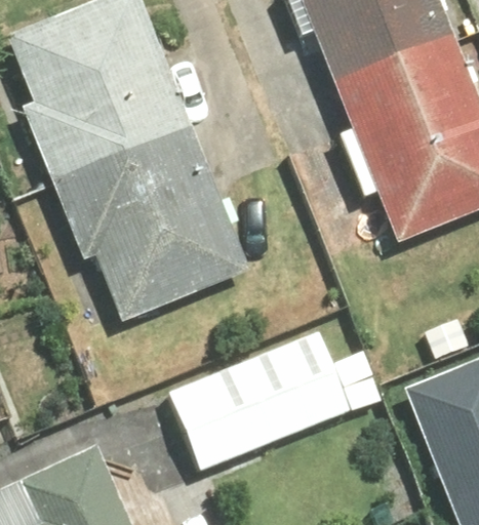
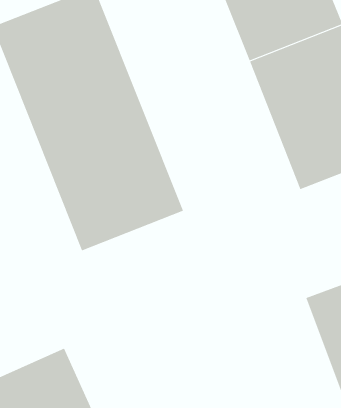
building: [158,336,374,475] -> none

